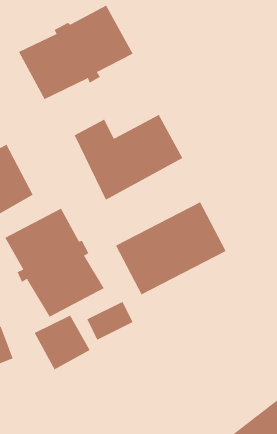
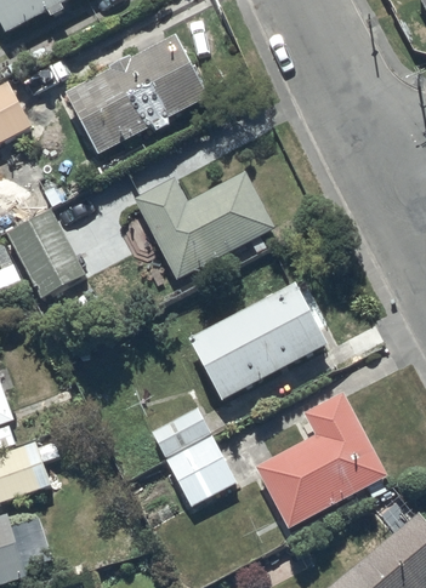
building: [5,208,104,317] -> none
building: none -> [256,392,387,527]
building: [34,315,91,370] -> [166,436,238,507]

